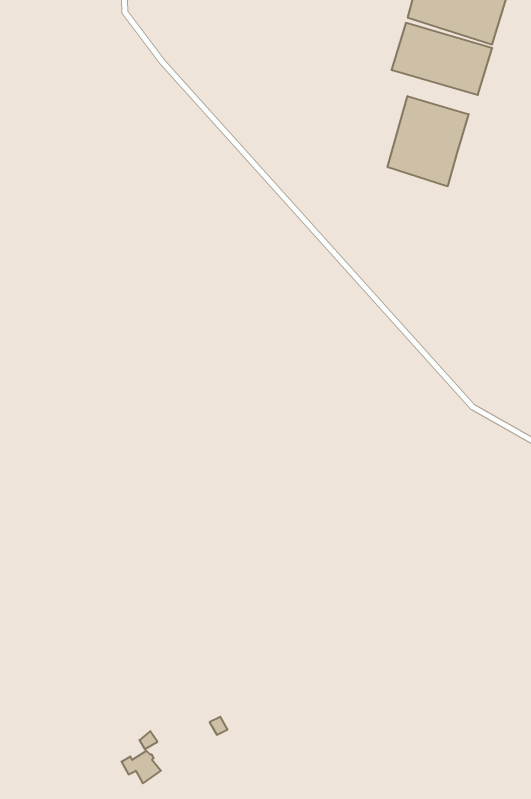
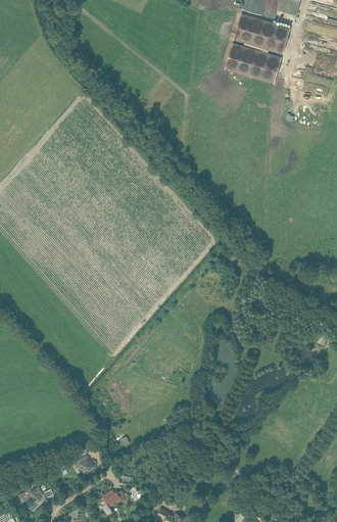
building: [388,96,469,186] -> none

